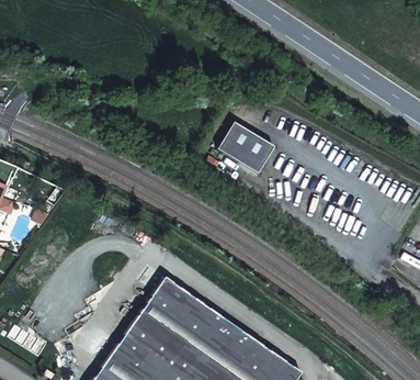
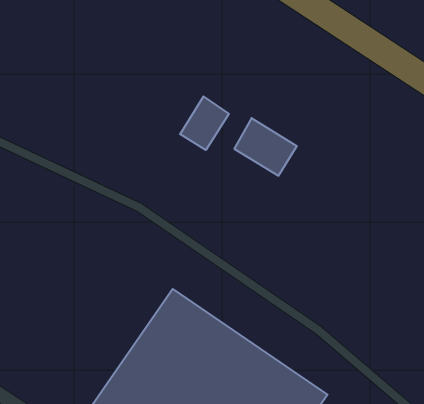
building: none -> [180,96,229,150]

